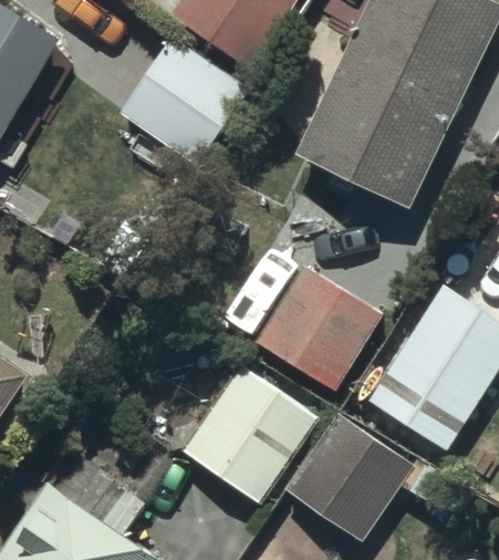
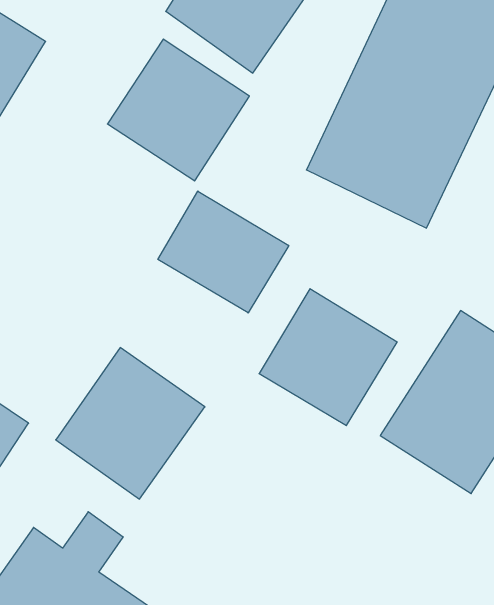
building: none -> [158,191,289,313]
building: [180,365,316,504] -> [56,348,205,499]
building: [284,413,448,545] -> none

